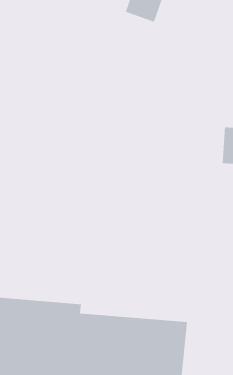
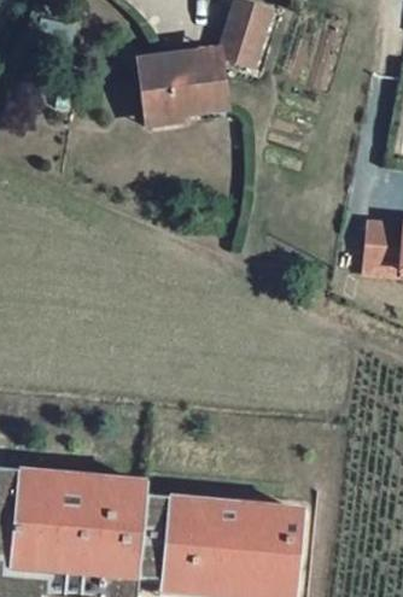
building: none -> [133,45,220,122]

